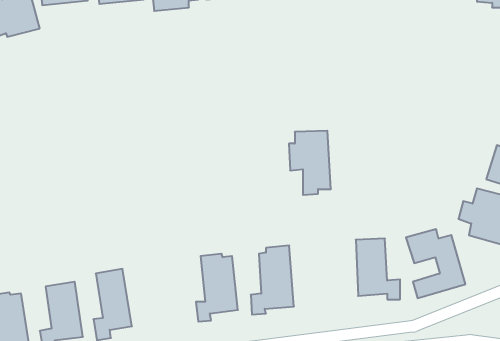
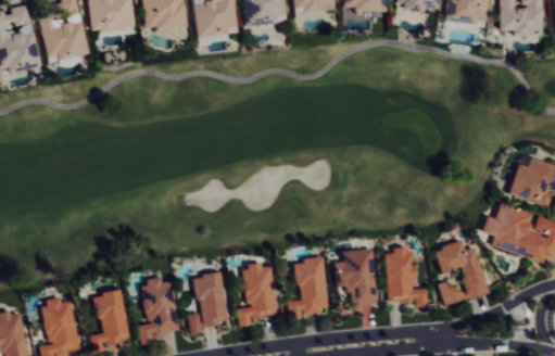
building: [289,131,331,195] -> [336,250,375,309]
building: none -> [186,272,227,334]

